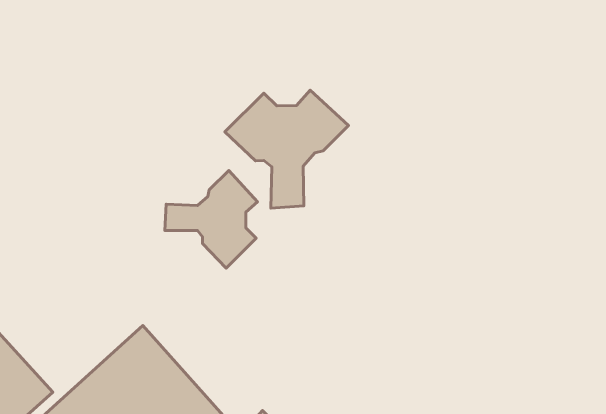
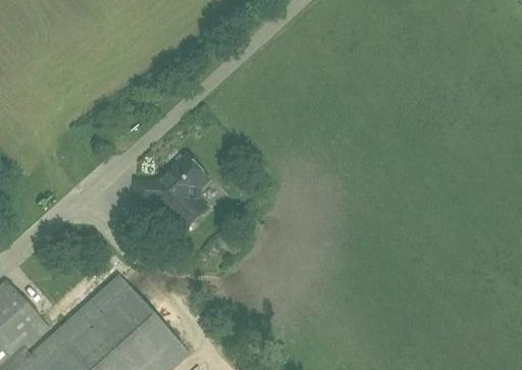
building: [225,90,349,208] -> none

